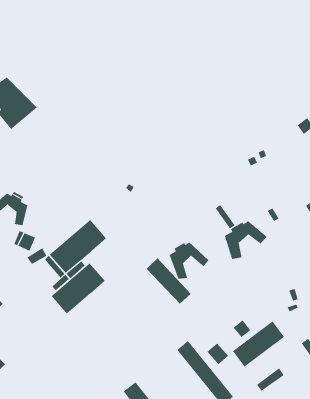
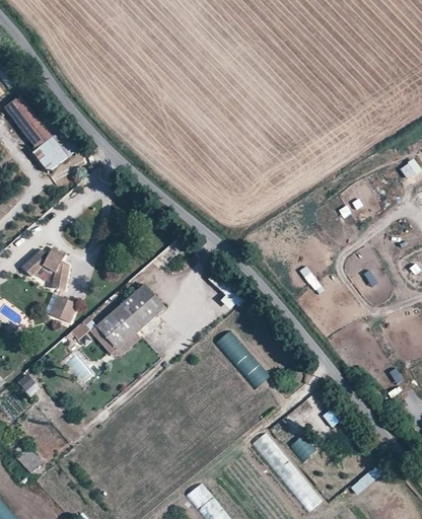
building: [224,220,268,260] -> none
building: [169,242,209,280] -> none
building: [51,262,105,314] -> none
building: [232,321,285,367] -> none

